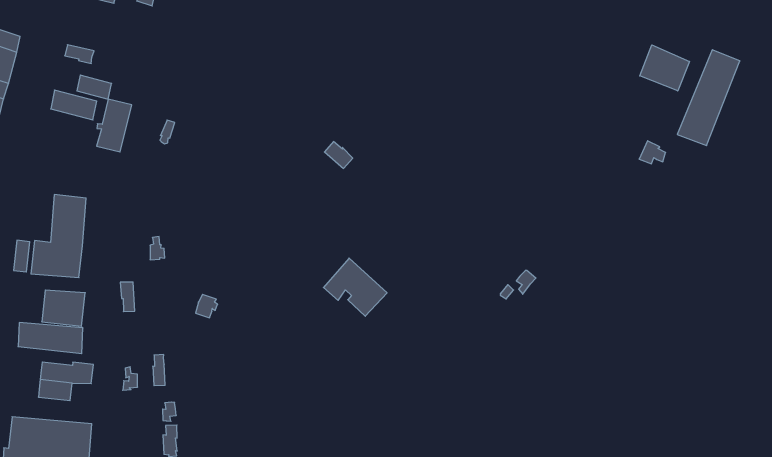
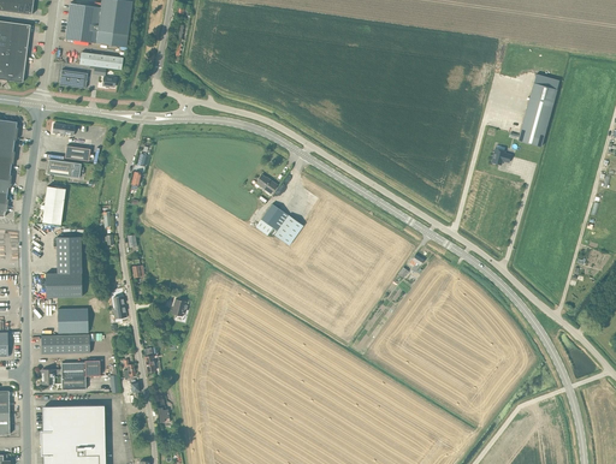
building: [640,45,689,91] -> none
building: [97,99,132,152] -> [41,186,65,225]
building: [323,258,387,316] -> [255,203,303,245]

